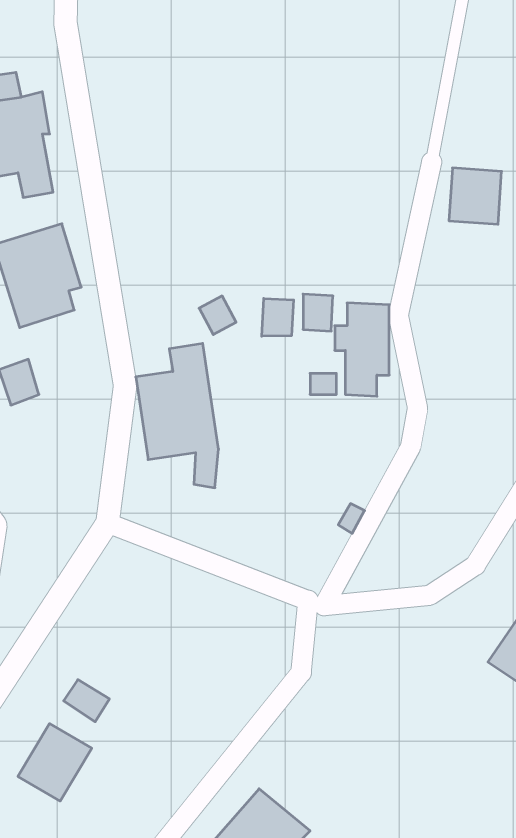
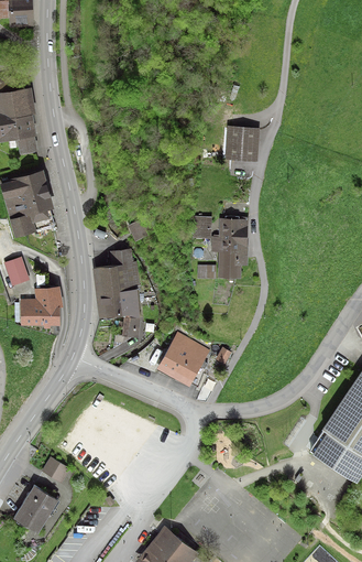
building: [449,168,502,224] -> [226,128,259,163]
building: [262,298,294,336] -> none
building: none -> [19,288,59,327]
building: none -> [158,332,210,387]

